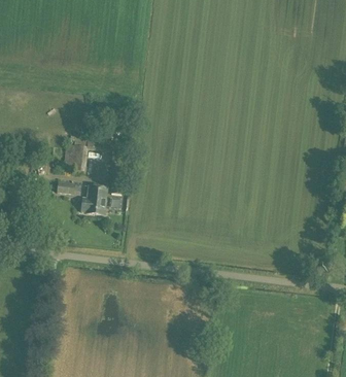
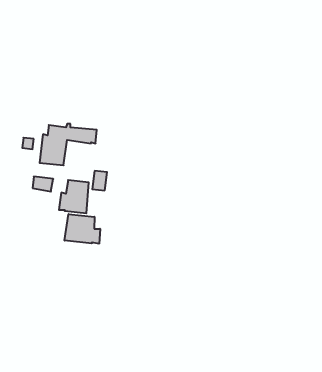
building: none -> [65,214,100,244]

